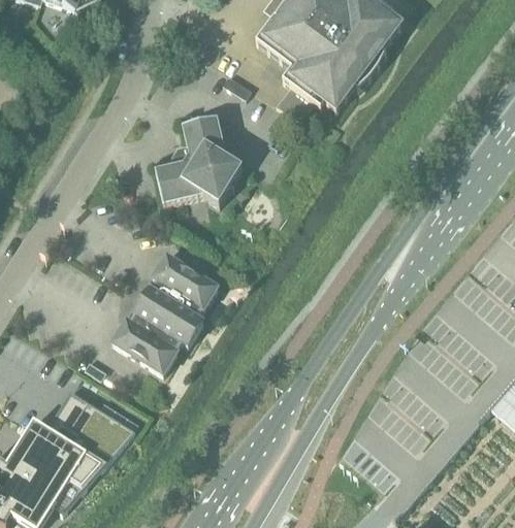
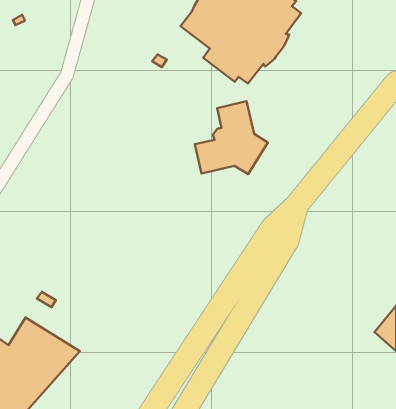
building: [155,117,243,204] -> [195,101,268,174]
building: [112,254,218,373] -> none

